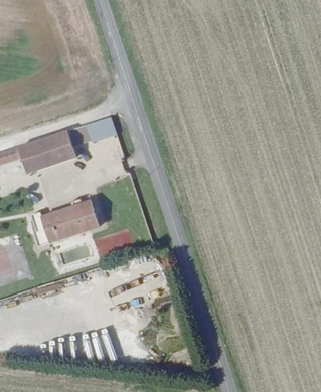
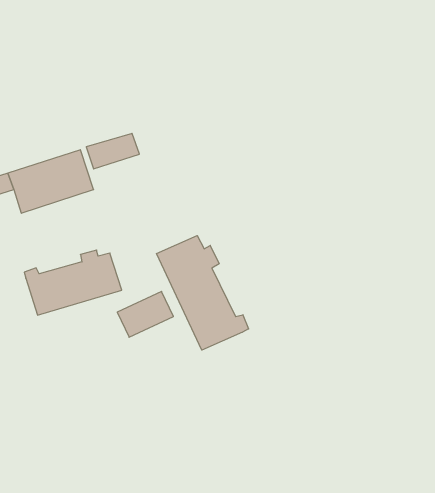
building: none -> [157,236,249,350]

